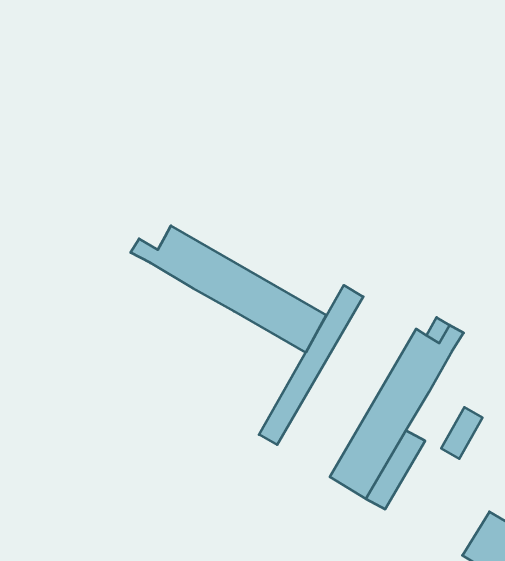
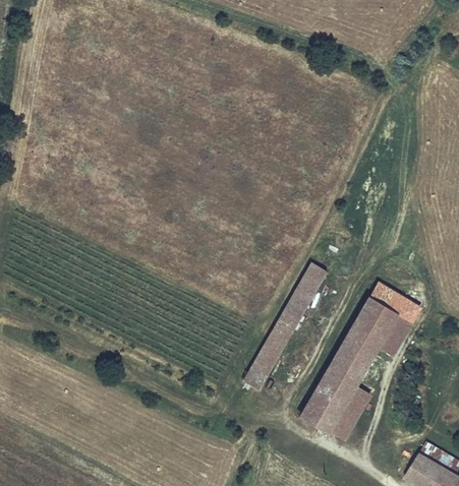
building: [131,226,326,352] -> none
building: [441,407,482,459] -> [378,315,410,356]

